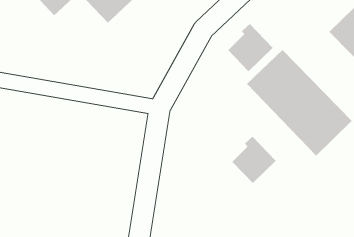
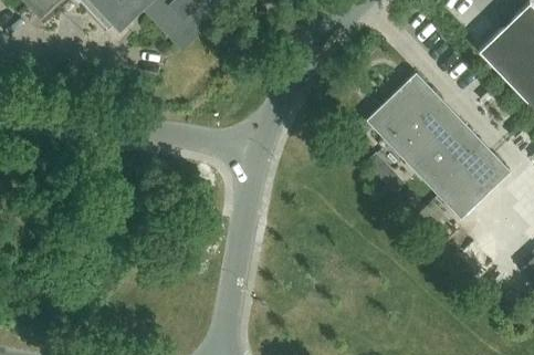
building: [228,23,274,72] -> none
building: [231,136,277,184] -> none

